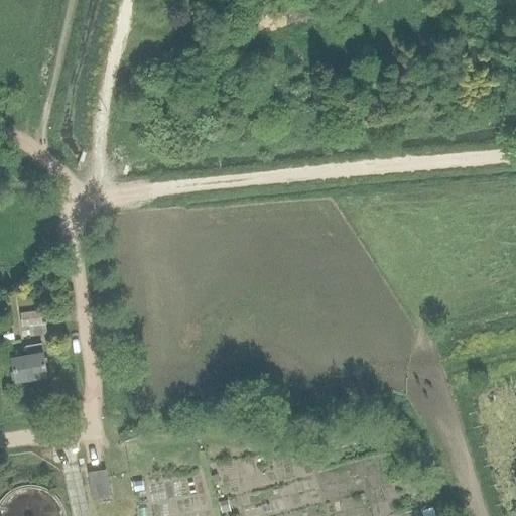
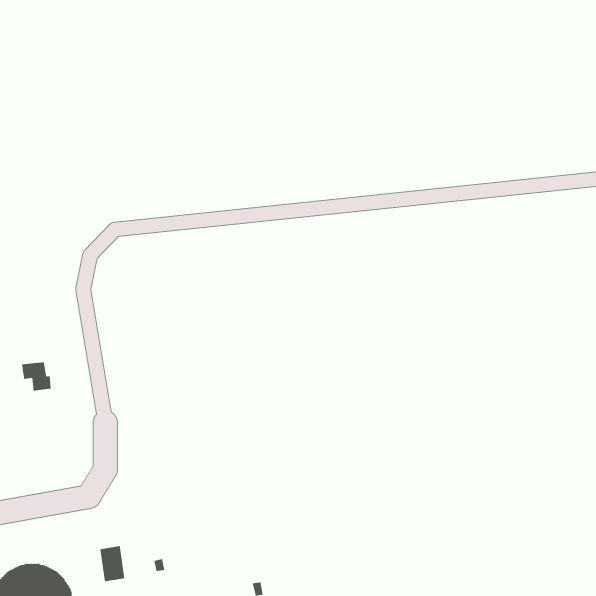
building: [10,346,46,384] -> none

